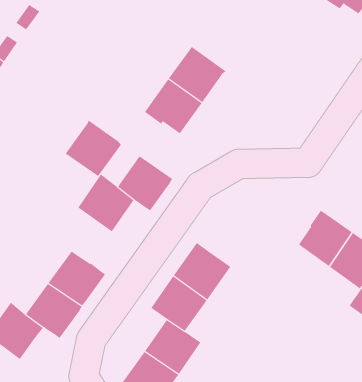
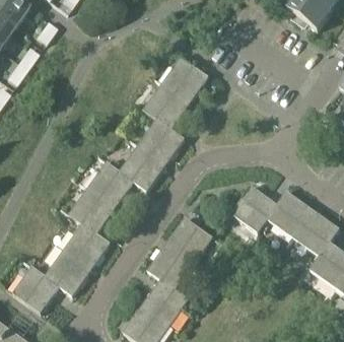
building: [65,120,122,177] -> [138,118,185,164]
building: none -> [231,185,278,232]
building: none -> [68,188,116,233]

